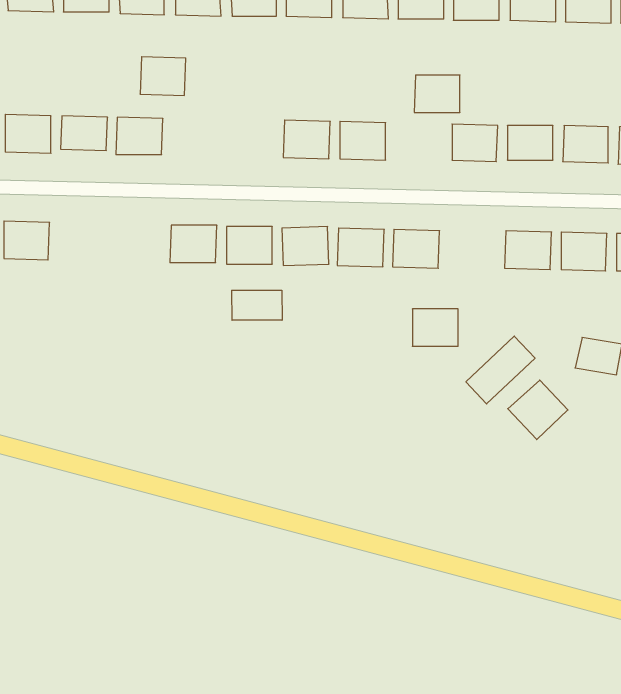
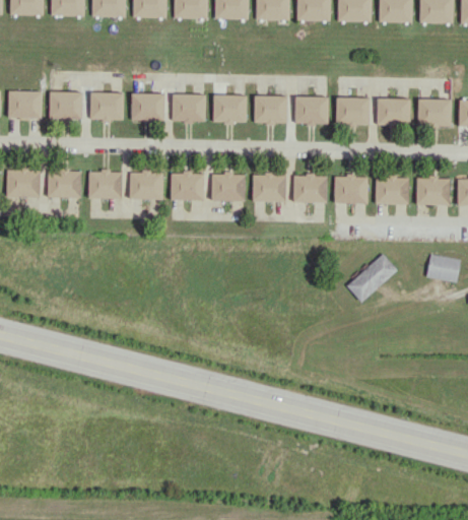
building: [140,57,186,95] -> [132,93,165,122]
building: [414,75,460,112] -> [295,96,329,124]
building: none -> [173,94,206,122]
building: none -> [49,170,82,197]
building: none -> [89,171,123,199]
building: [232,290,282,320] -> none
building: [412,309,458,346] -> [335,176,369,203]
building: [508,380,568,440] -> none

